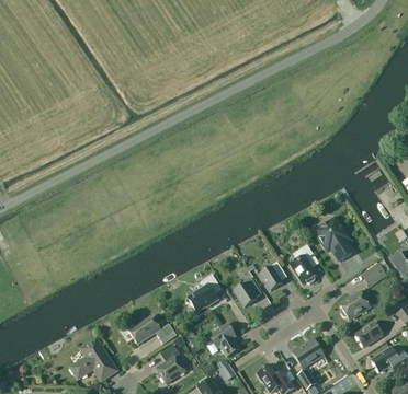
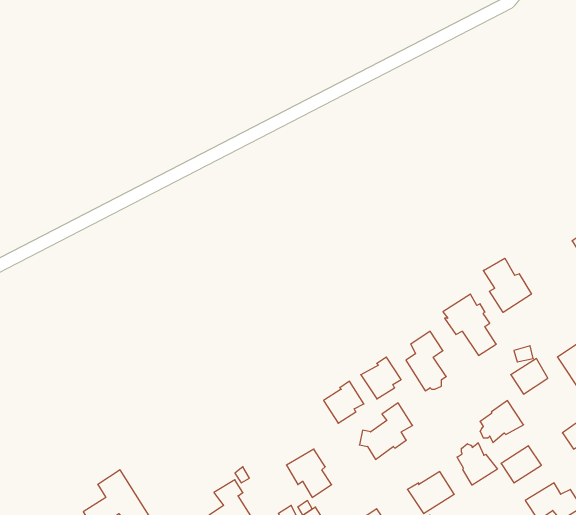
building: none -> [483,258,531,312]
building: [186,274,223,312] -> [359,403,413,459]
building: [129,316,177,344] -> none
building: none -> [457,443,497,485]

